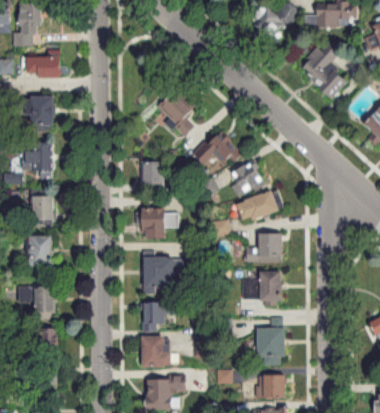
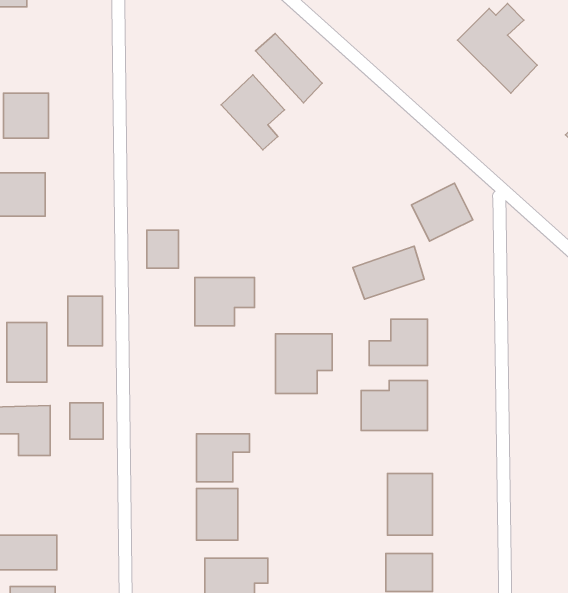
building: [28,59,59,77] -> none
building: none -> [256,34,322,103]
building: [198,137,236,169] -> none
building: [227,161,264,196] -> [411,183,473,241]
building: [142,162,161,185] -> [147,230,178,268]
building: [32,196,53,226] -> [68,296,103,346]
building: [142,254,176,290] -> [276,334,332,394]
building: [37,329,57,351] -> [70,403,103,439]

